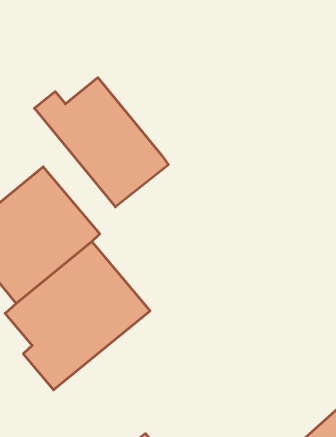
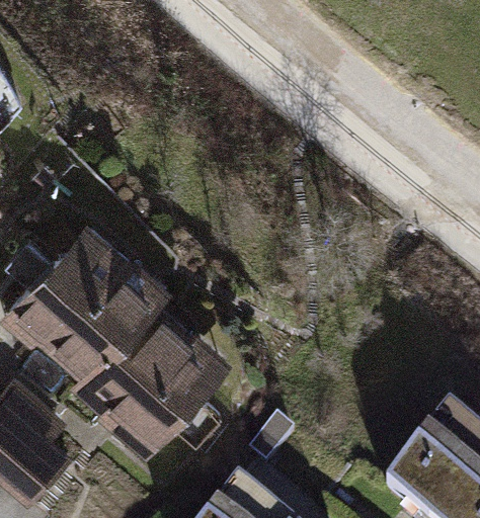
building: [34,78,168,207] -> none

